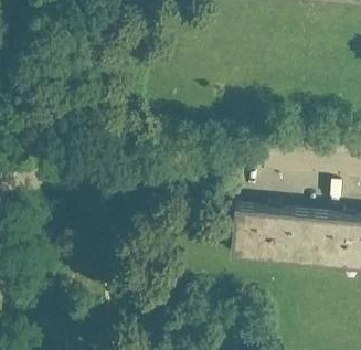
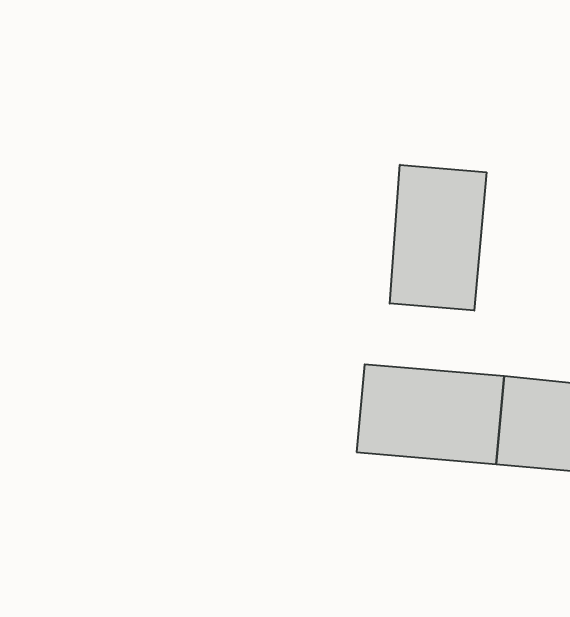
building: none -> [390,165,486,311]

